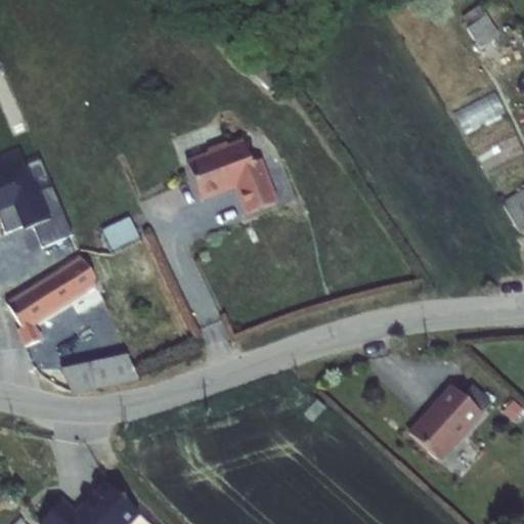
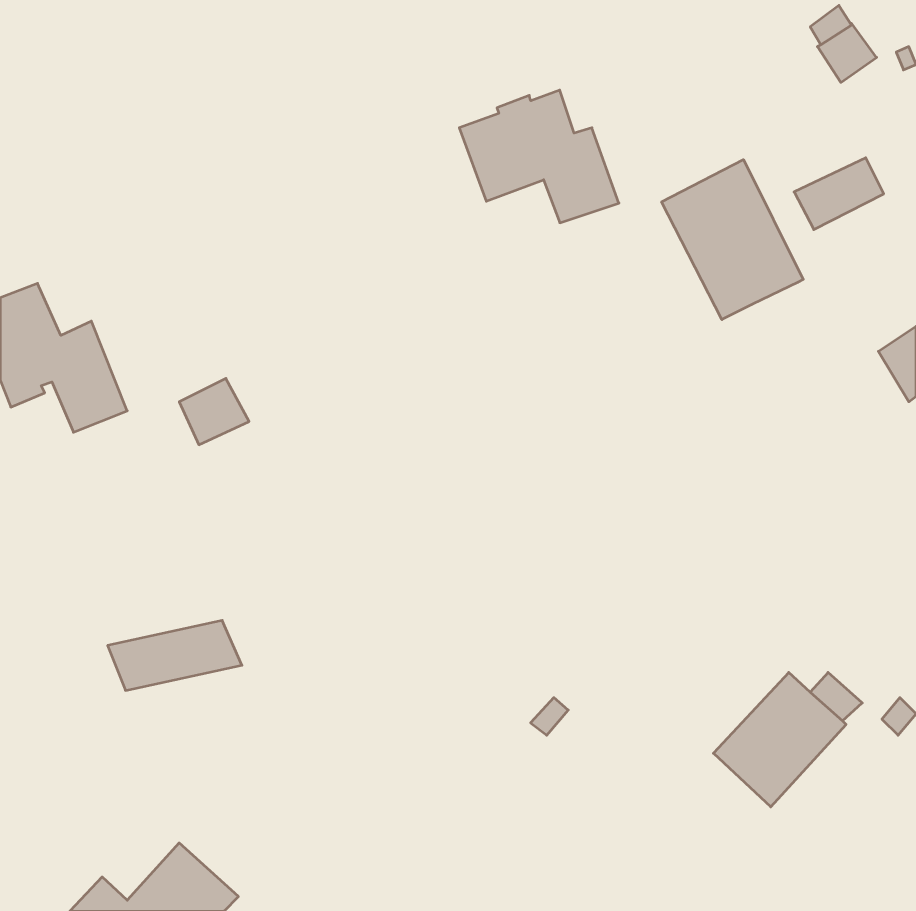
building: none -> [662,160,803,320]
building: [186,137,277,213] -> [459,90,619,223]
building: [6,254,95,346] -> none

